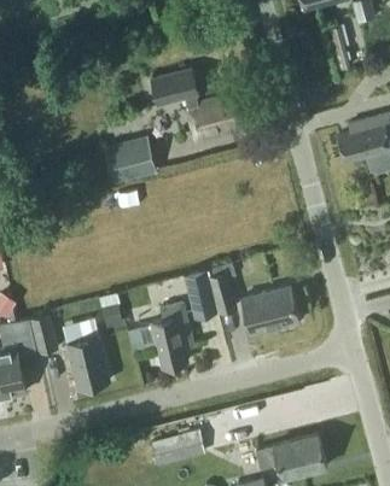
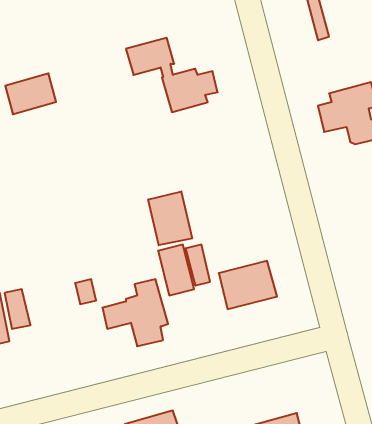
building: [106,144,156,183] -> [5,73,56,114]
building: none -> [148,191,192,245]
building: [68,333,110,387] -> none

